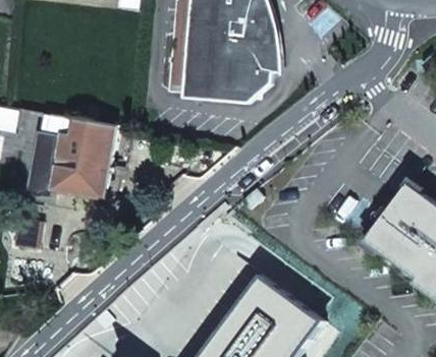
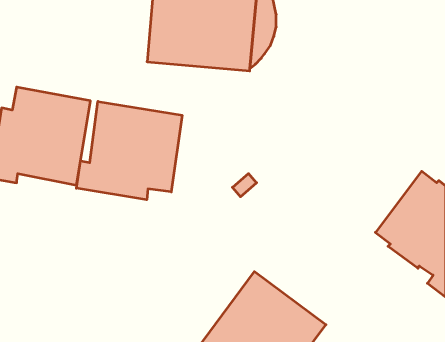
building: none -> [76,101,182,200]

